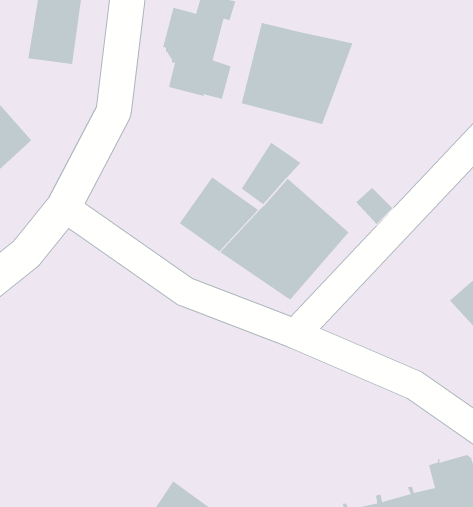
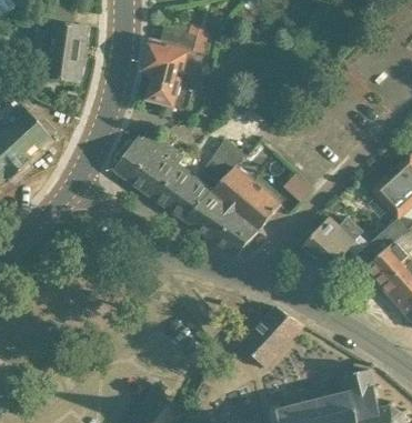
building: [241,22,353,125] -> none
building: none -> [115,128,181,200]
building: none -> [303,218,356,271]
building: none -> [242,308,305,370]

